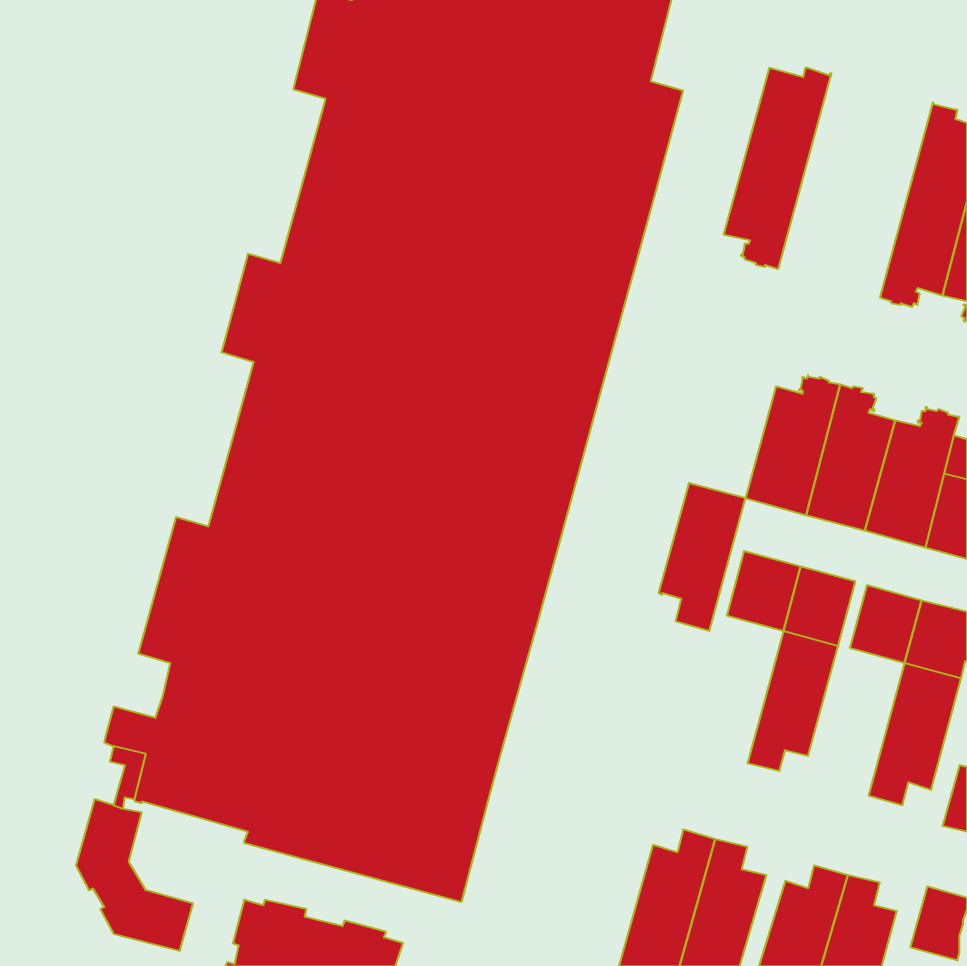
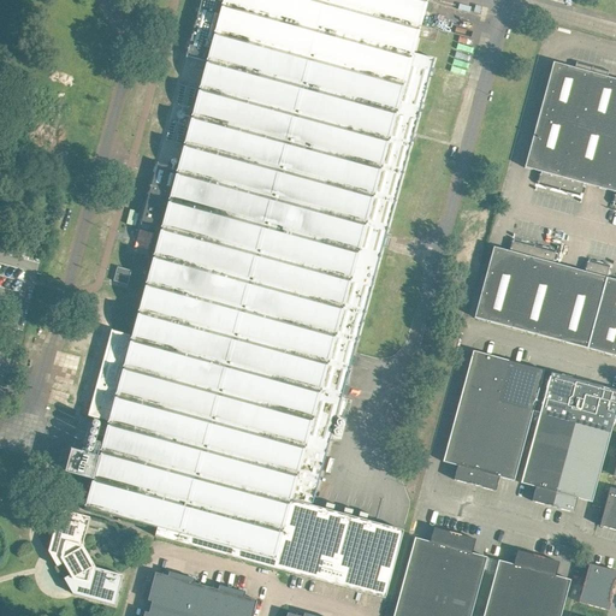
building: [724,68,832,269] -> [525,61,593,189]
building: [659,483,746,631] -> [443,391,498,485]
building: none -> [521,411,575,505]
building: none -> [294,504,403,598]

